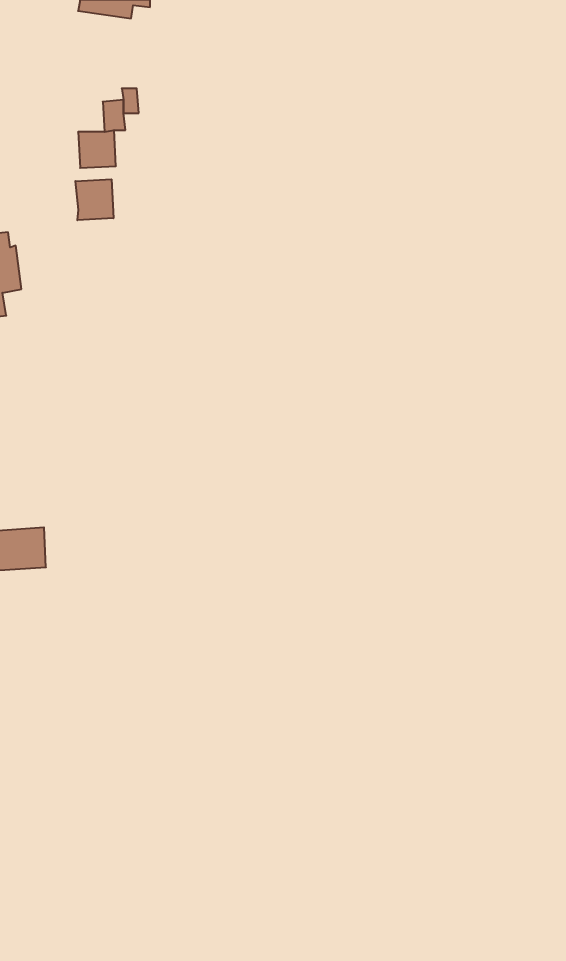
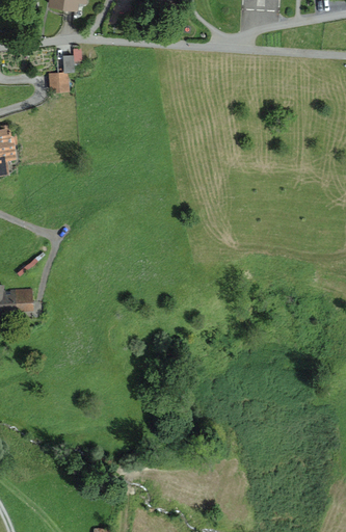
building: [75,179,113,220] -> none

